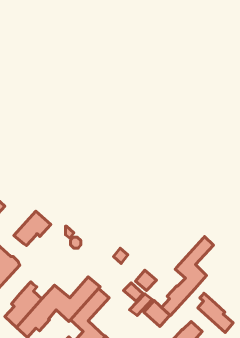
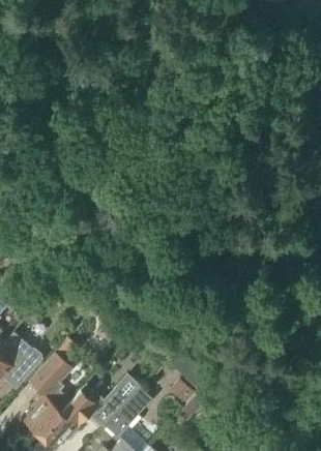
building: [14,211,51,246] -> [26,352,71,394]
building: [162,237,213,315] -> none
building: [198,293,233,333] -> none

